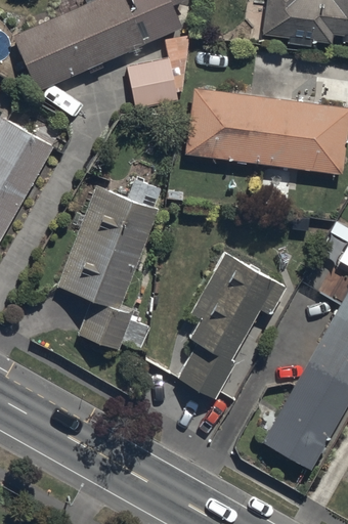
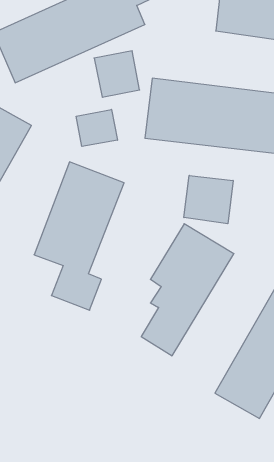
building: none -> [76,109,117,146]
building: none -> [184,175,233,224]

